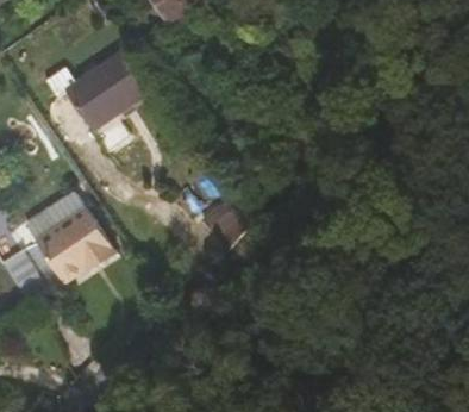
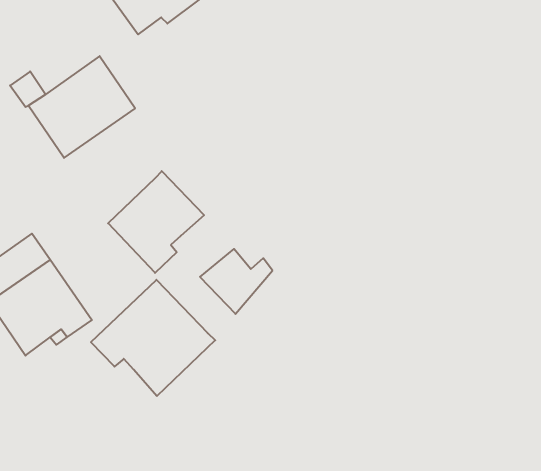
building: none -> [108,171,204,273]
building: none -> [91,280,215,396]

